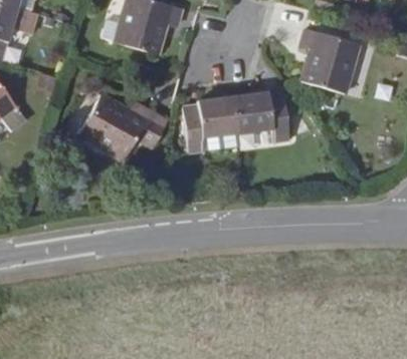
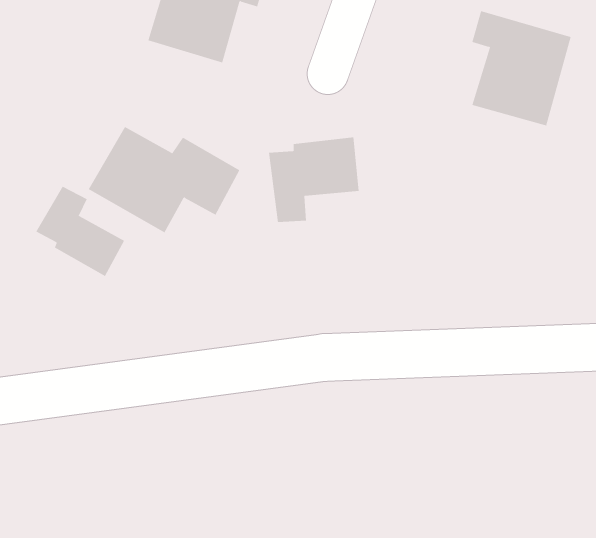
building: [234,95,289,140] -> none
building: none -> [35,186,125,277]

